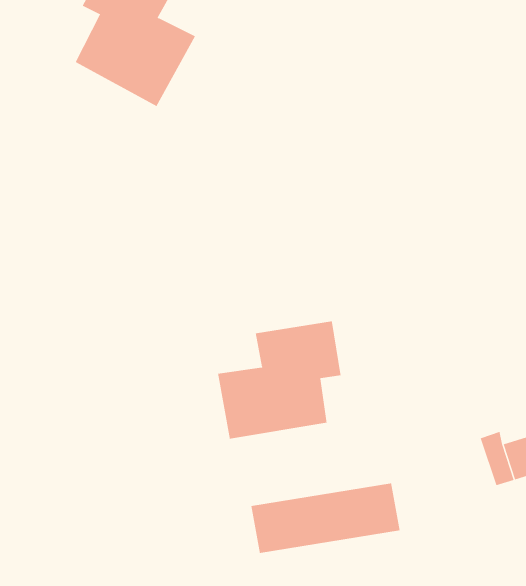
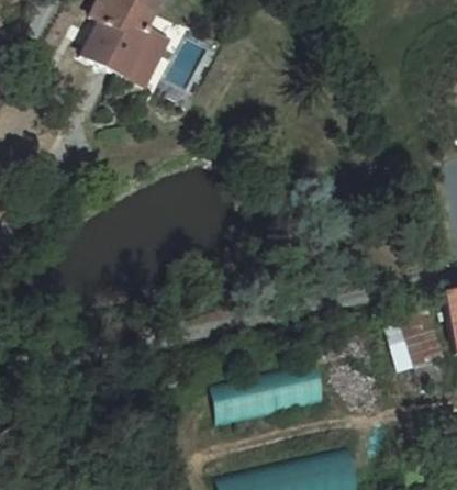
building: [218,320,341,440] -> none

